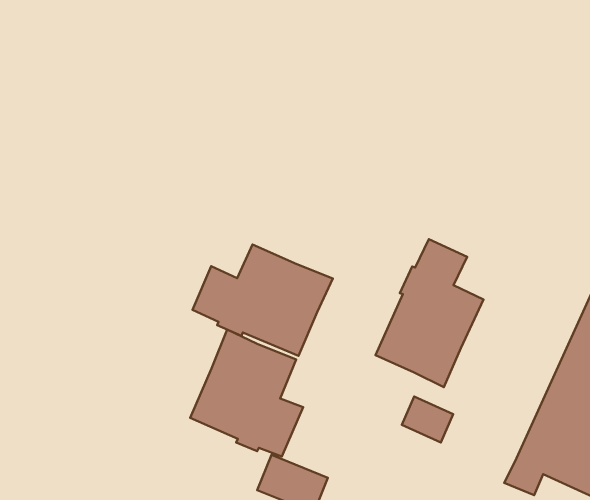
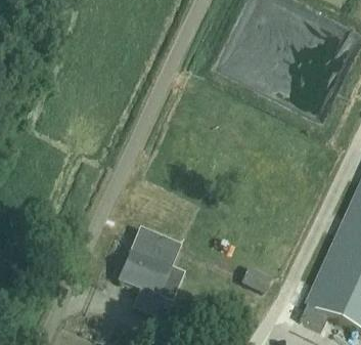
building: [376,239,483,387] -> none
building: [192,245,333,356] -> none

